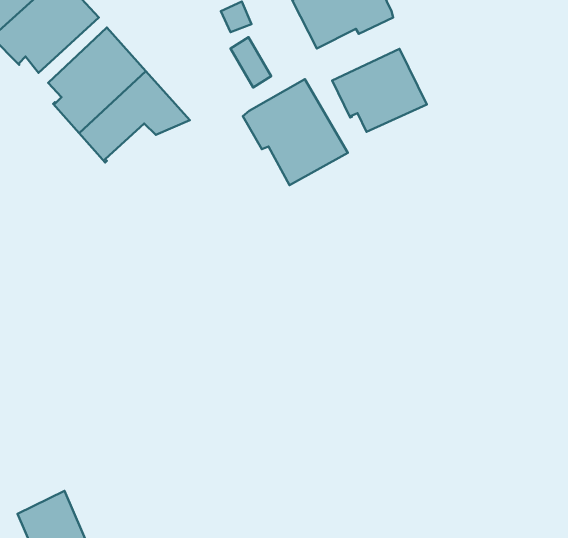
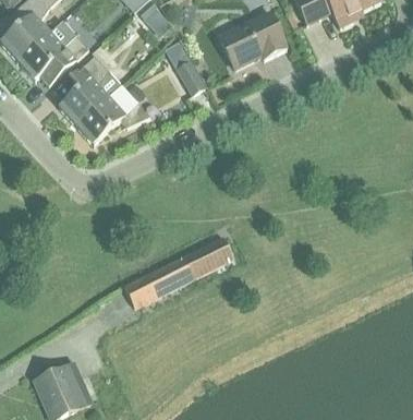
building: [332,49,427,132] -> none
building: [243,79,348,185] -> none
building: none -> [123,237,233,308]

